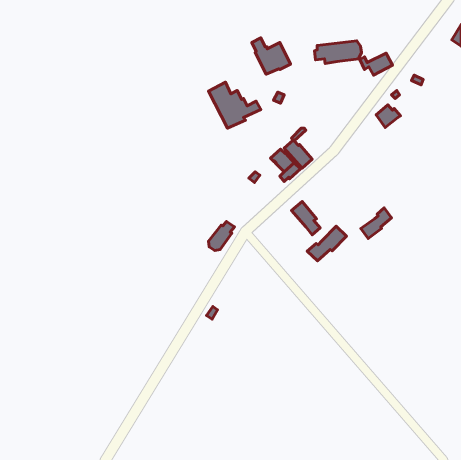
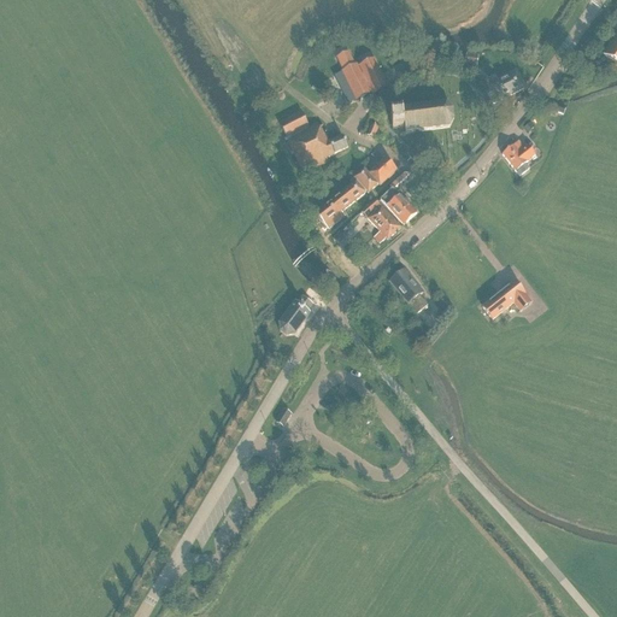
building: [314,41,361,63] -> [390,101,453,131]
building: none -> [315,155,396,227]
building: [307,226,346,261] -> none

